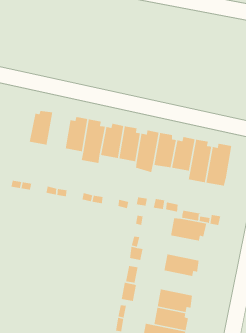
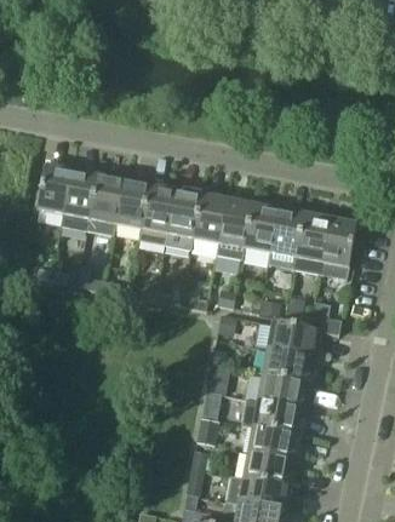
building: none -> [36,161,71,214]
building: none -> [90,171,122,224]
building: none -> [263,350,314,385]
building: none -> [242,400,304,436]

